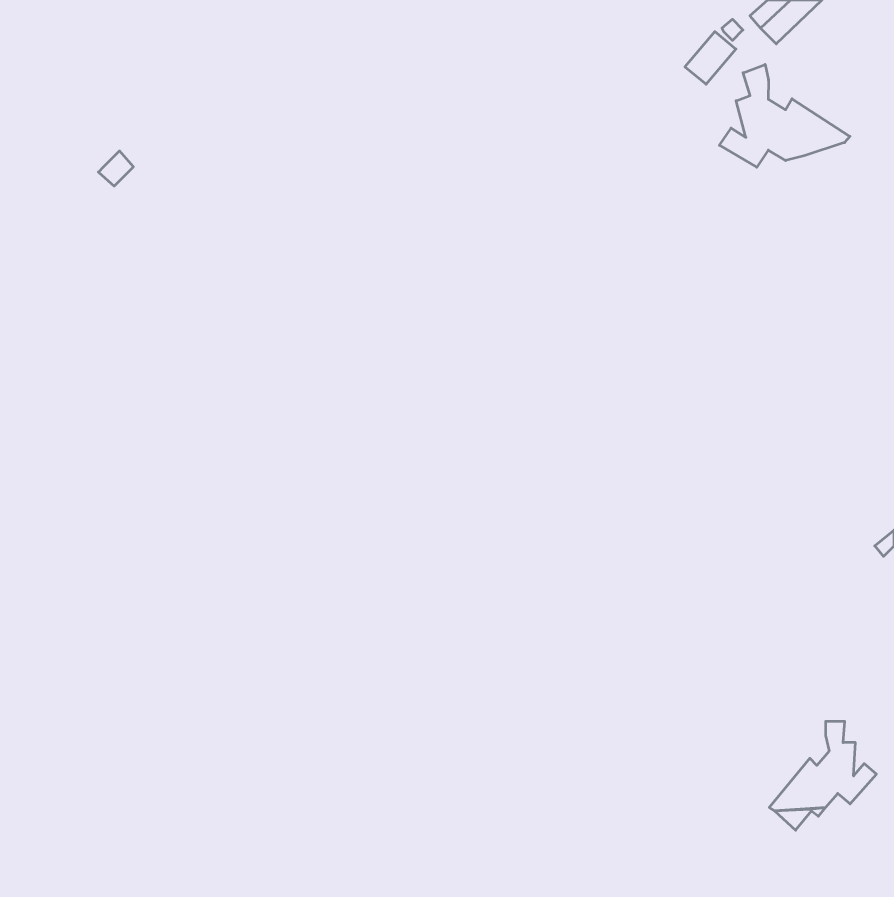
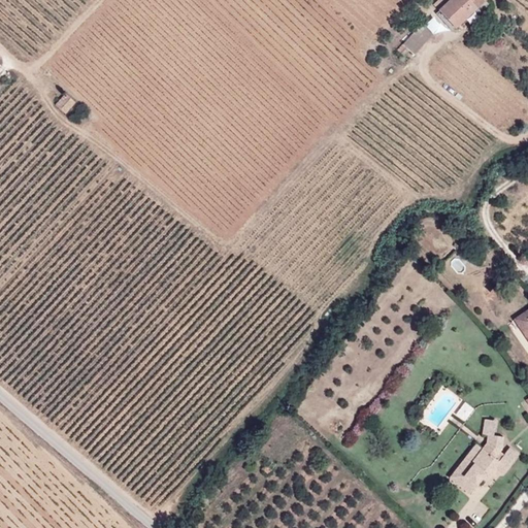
building: [719,64,850,167] -> none

